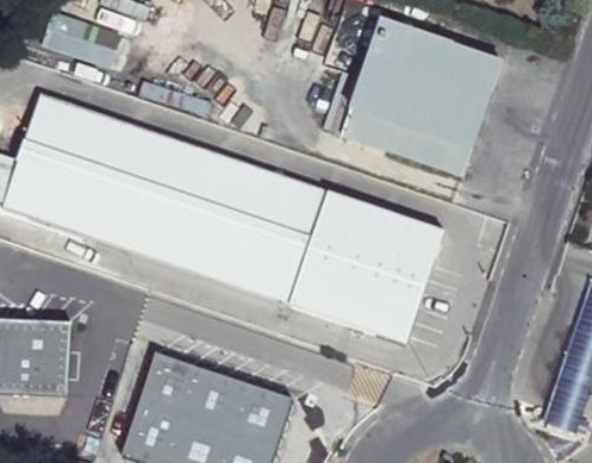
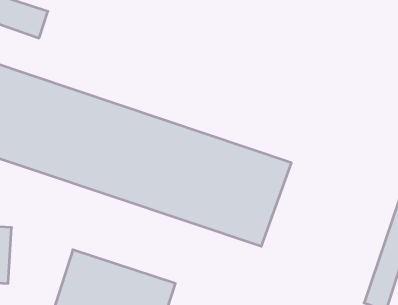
building: [343,20,506,174] -> none

